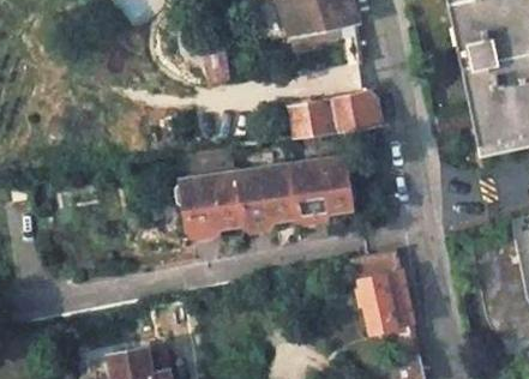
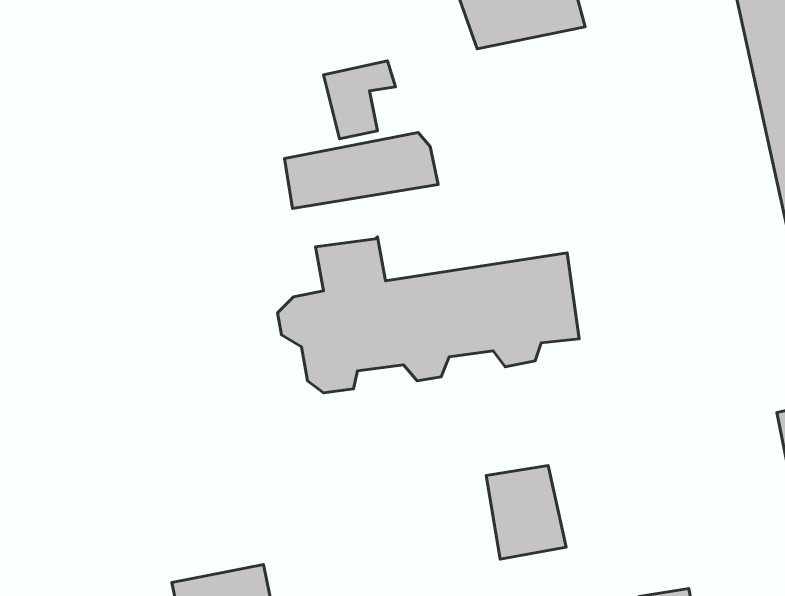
building: [289,91,381,137] -> [284,133,438,208]
building: [362,273,410,330] -> [486,465,566,559]

